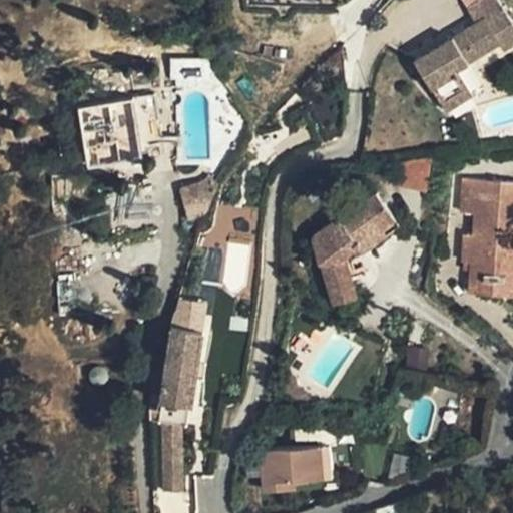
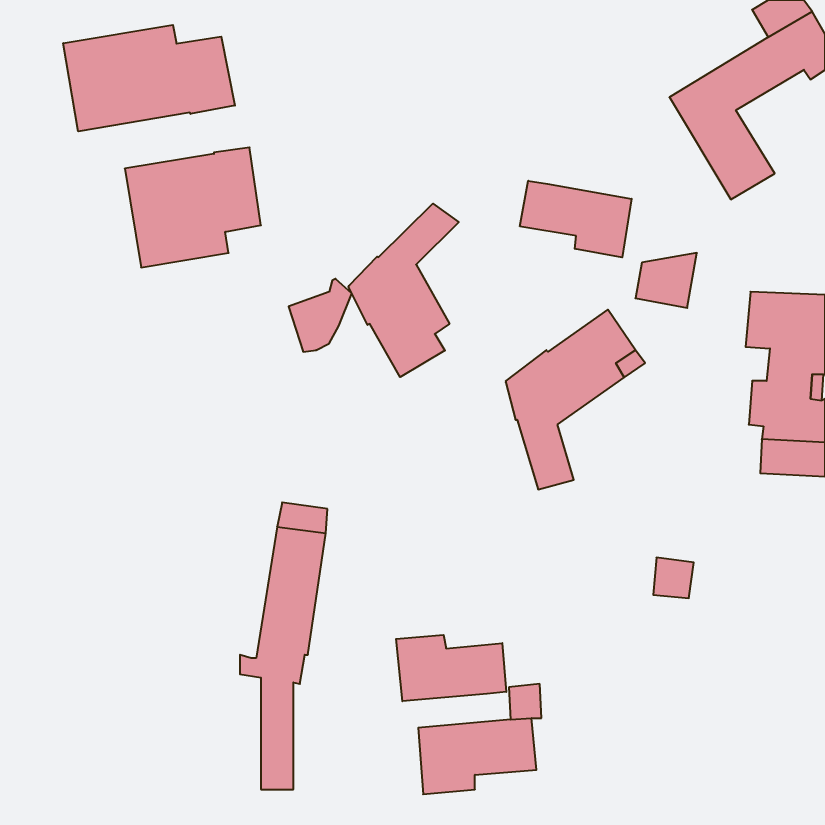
building: none -> [63,25,235,131]
building: none -> [520,181,632,257]
building: none -> [348,204,459,377]
building: none -> [396,635,506,701]

